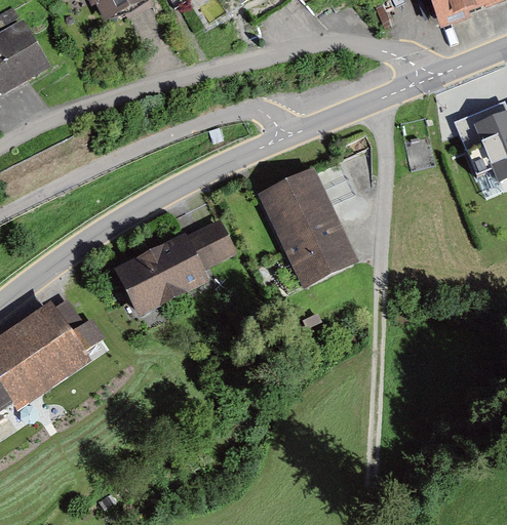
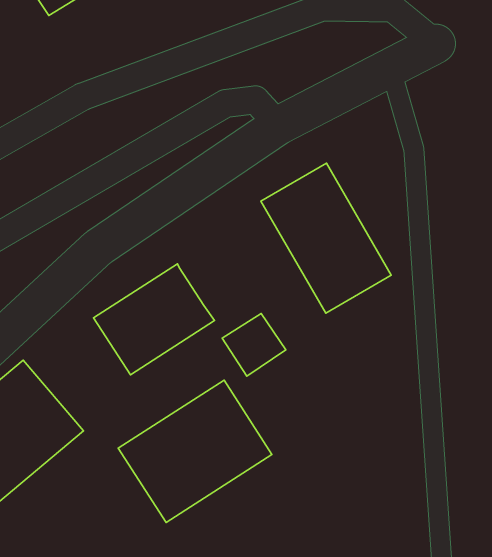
building: [187,218,237,268] -> [222,313,286,376]
building: none -> [118,380,272,522]

